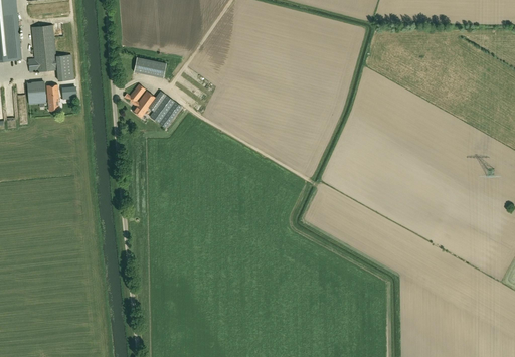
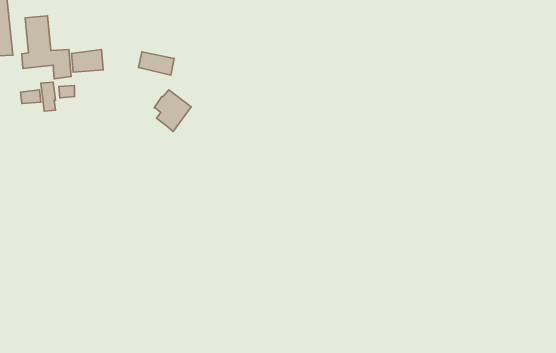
building: none -> [71,50,103,72]
building: [123,83,154,117] -> none

